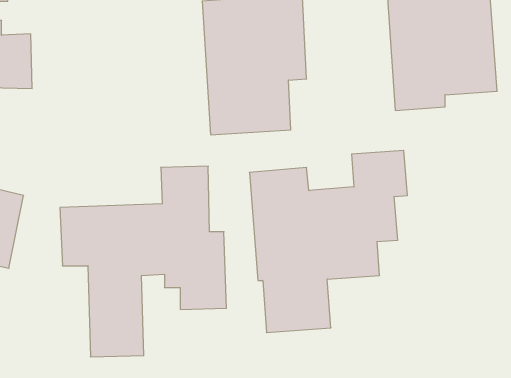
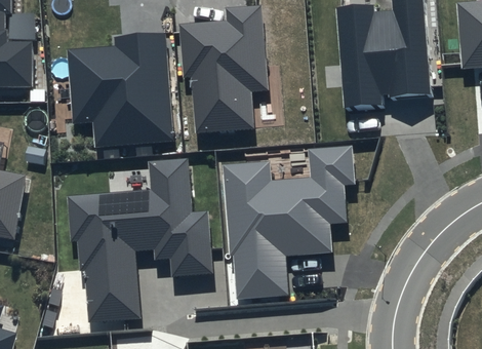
building: none -> [64,30,174,145]

